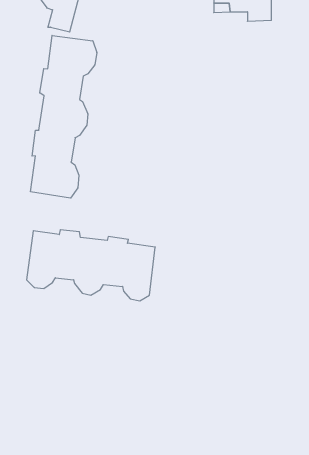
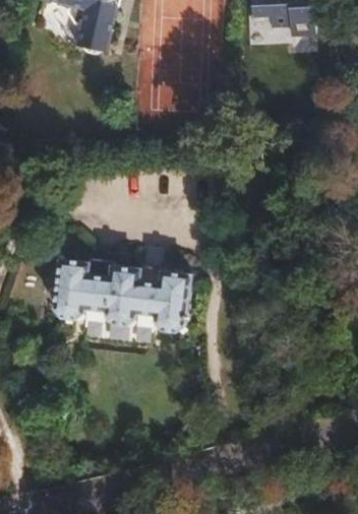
building: [31,35,97,198] -> none

